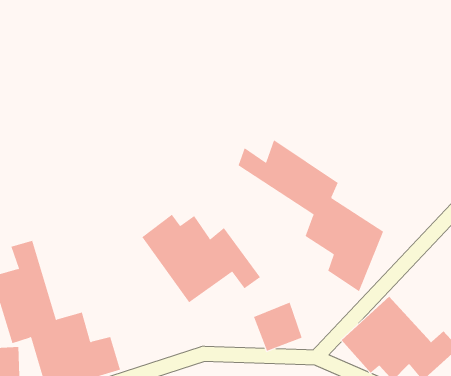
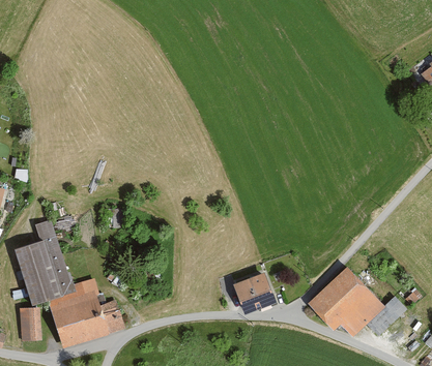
building: [238,139,384,292] -> none
building: [141,214,261,303] -> none

